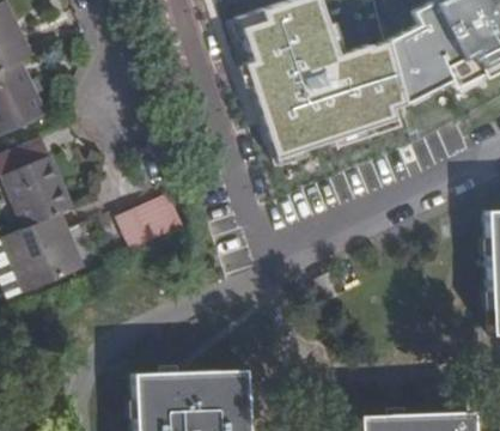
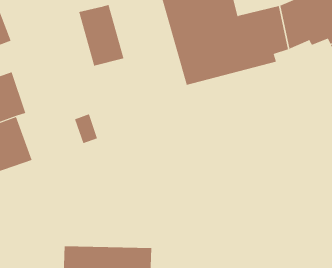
building: none -> [79,4,124,67]

